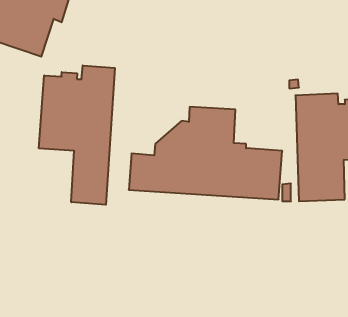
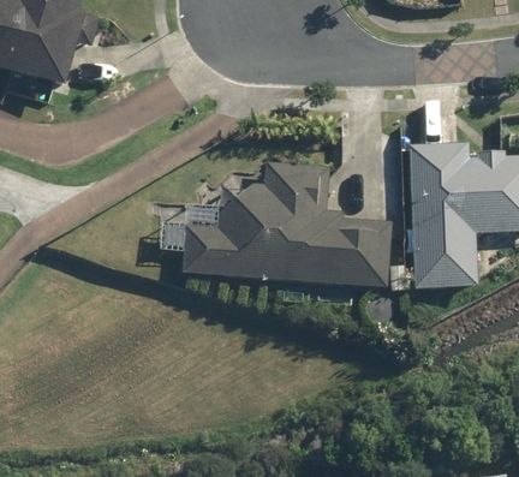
building: [39,65,115,205] -> none

